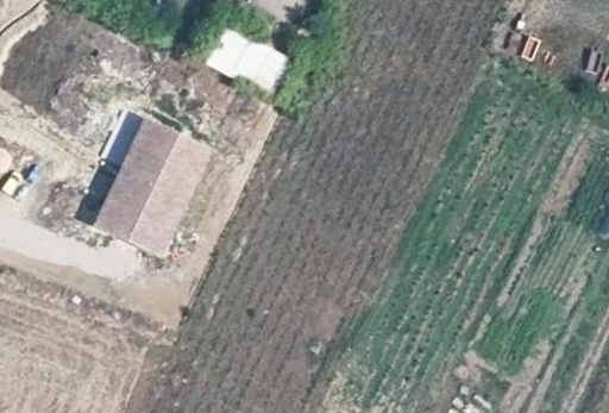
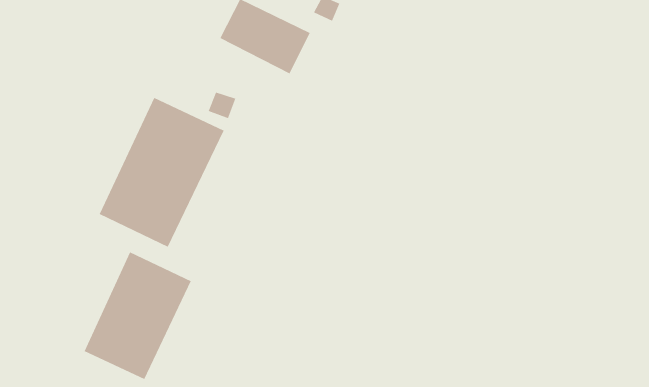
building: none -> [84,252,191,380]

